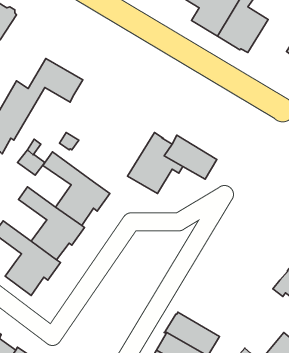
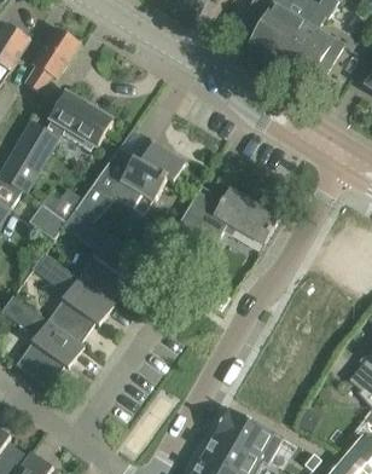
building: none -> [24,27,80,97]
building: none -> [93,144,185,203]

